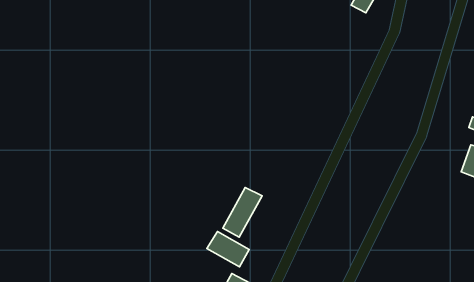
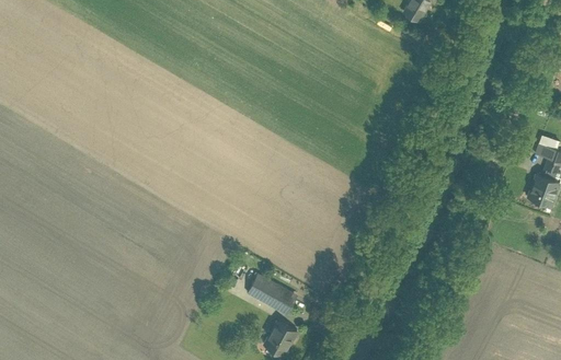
building: [223,187,262,237] -> none

